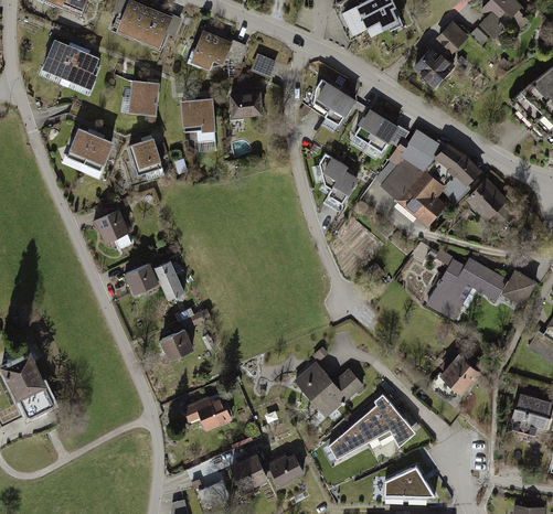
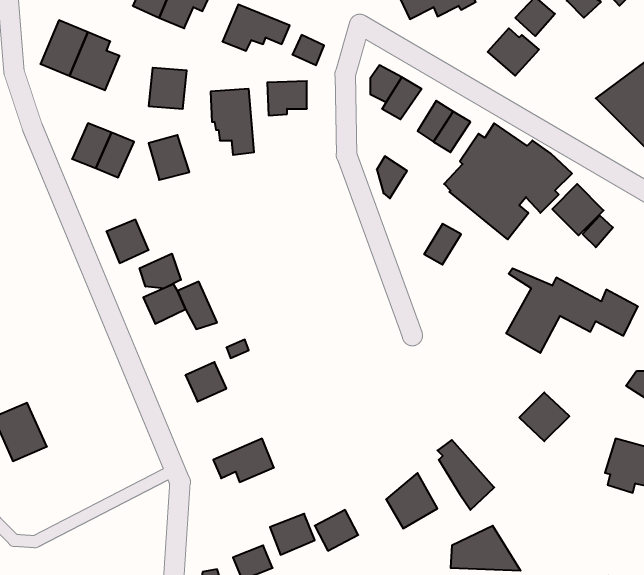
building: [327,171,358,205] -> [424,224,461,265]
building: none -> [140,254,181,288]
building: [294,358,361,414] -> none
building: [353,409,389,450] -> none

